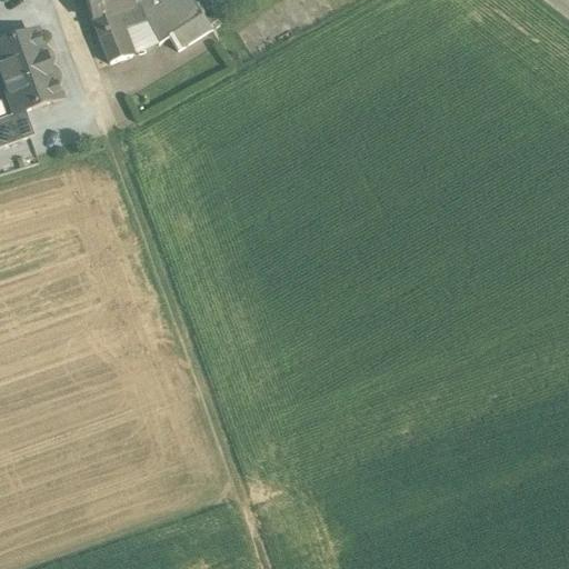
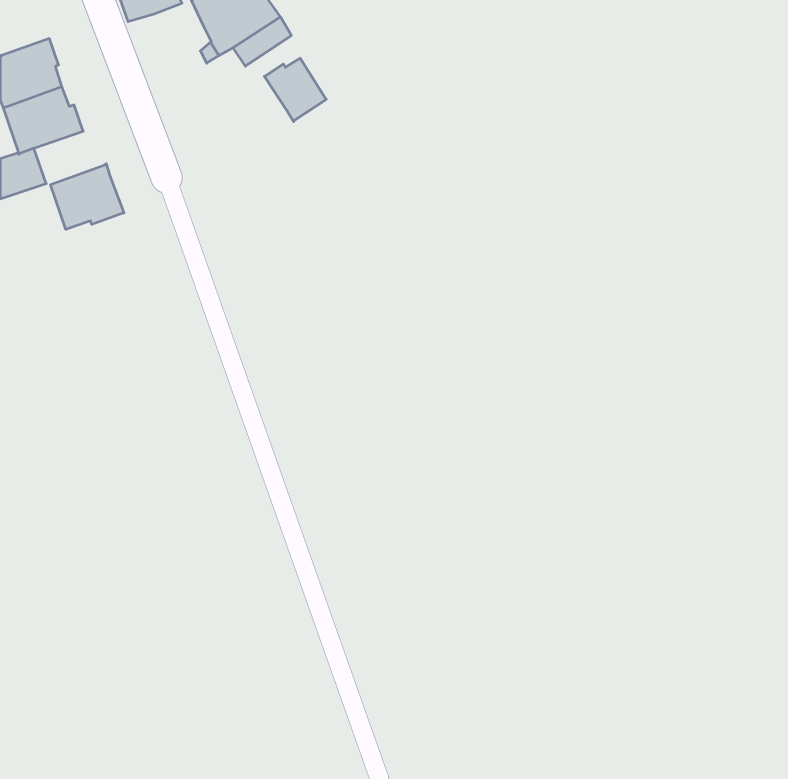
building: [92,10,132,59] -> none
building: none -> [264,58,326,122]
building: none -> [51,164,124,229]

